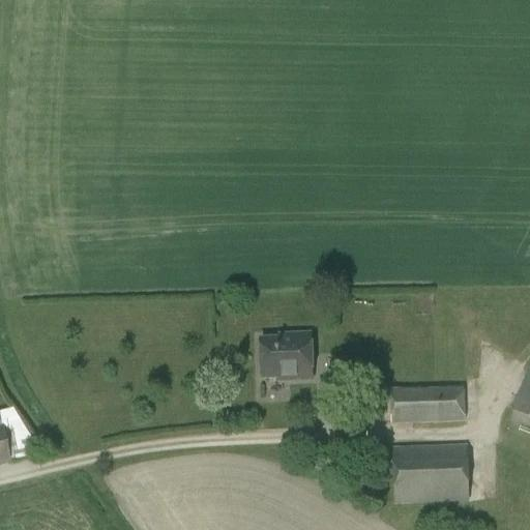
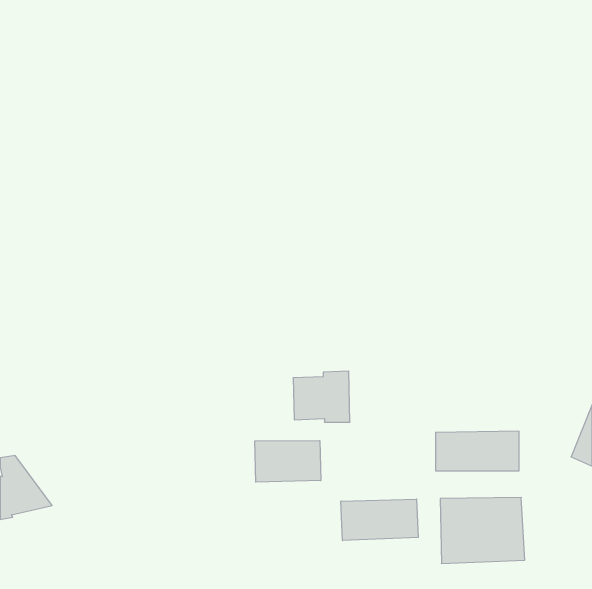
building: none -> [255,441,321,482]
building: none -> [341,499,418,541]

